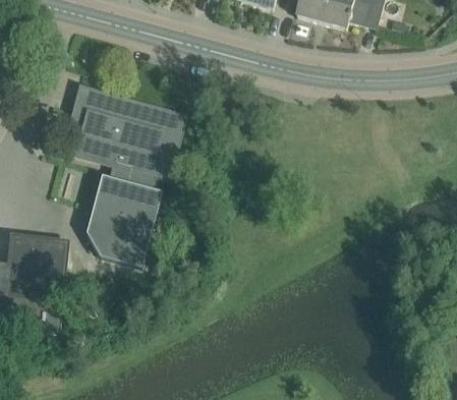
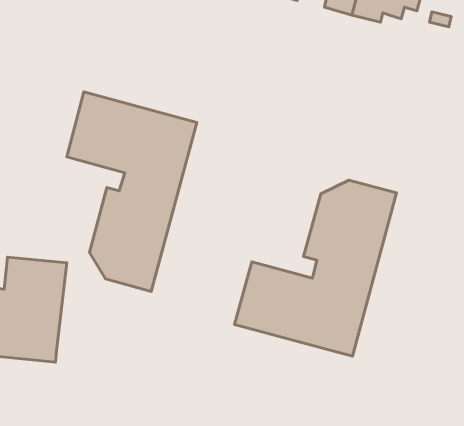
building: none -> [234,180,396,356]

